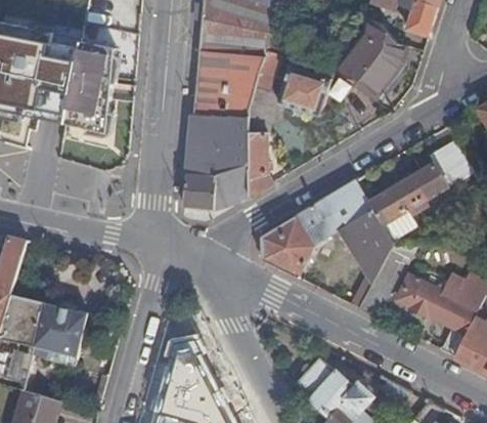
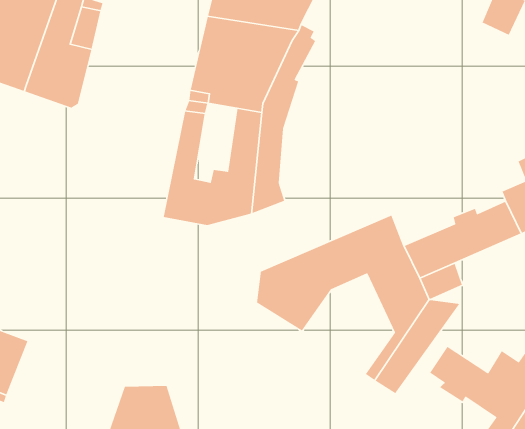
building: [338,24,406,95] -> none
building: [277,62,333,113] -> none

